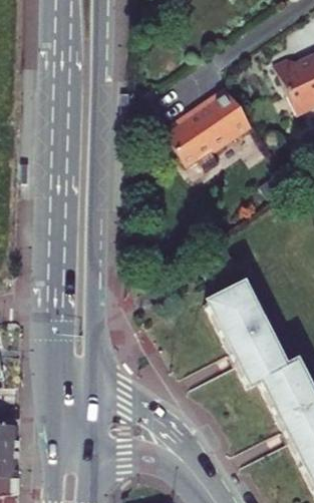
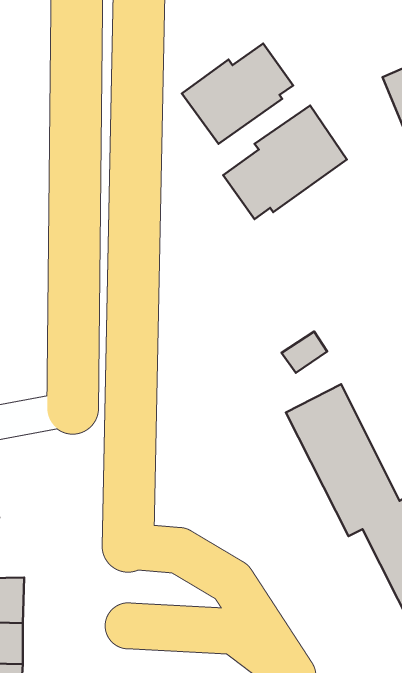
building: none -> [182,43,293,144]

